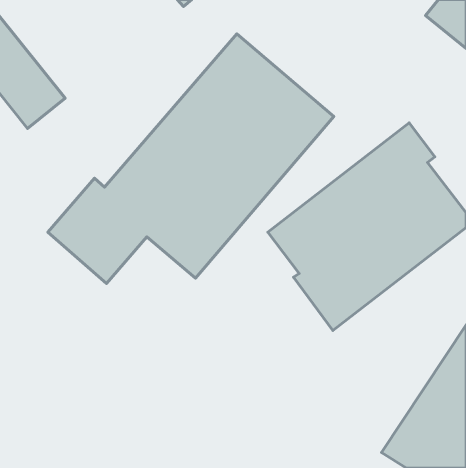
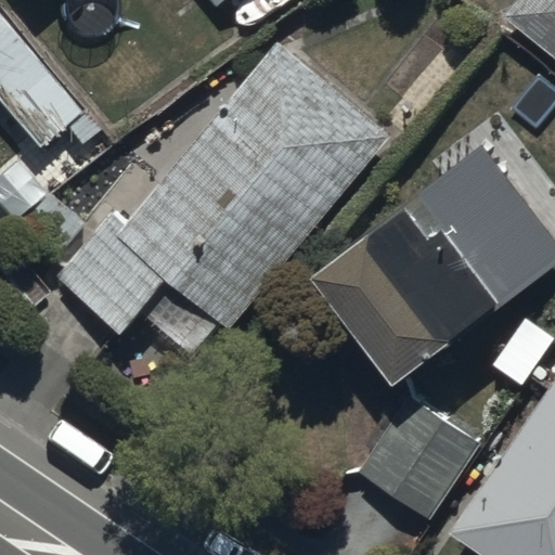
building: none -> [361,395,482,518]

